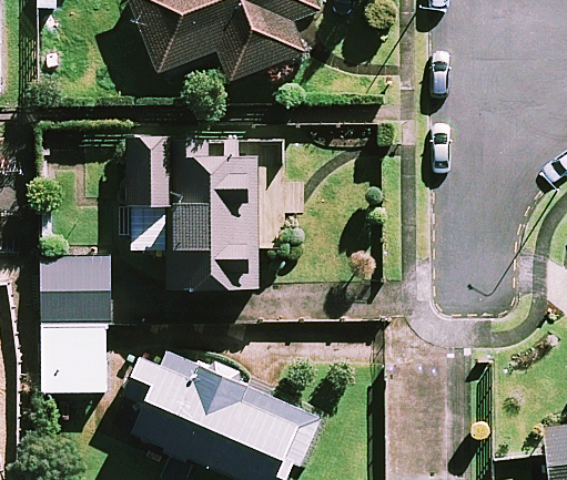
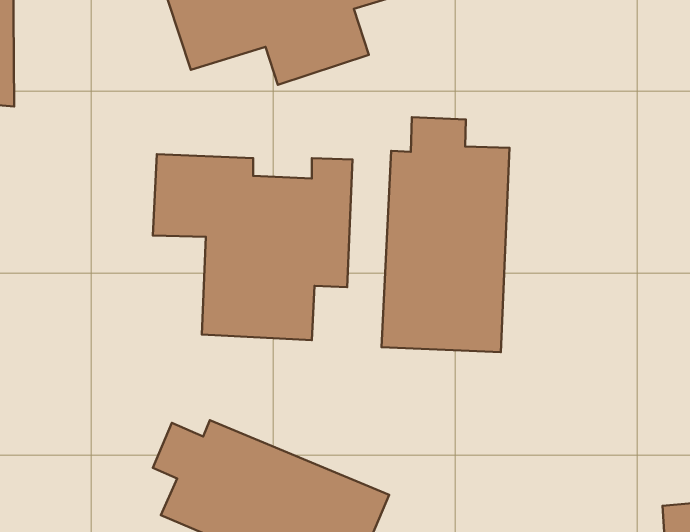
building: none -> [382,117,509,352]
building: [38,257,109,390] -> none

